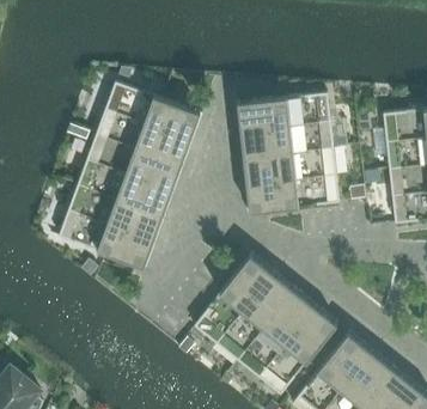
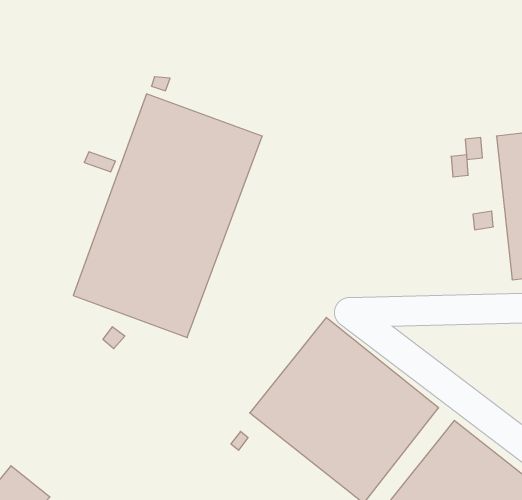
building: [236,93,340,214] -> none

